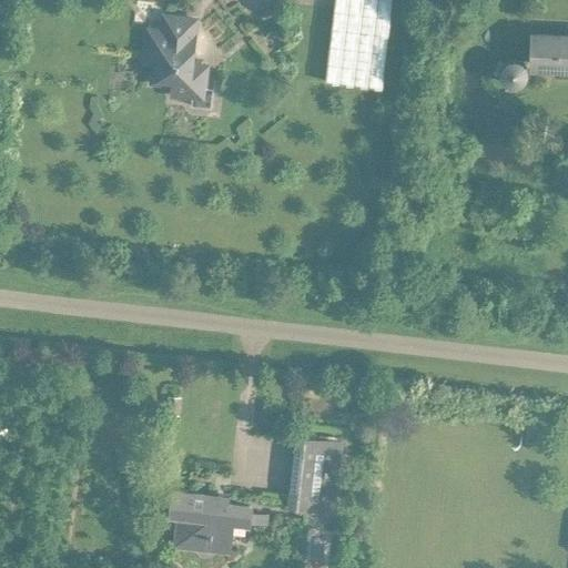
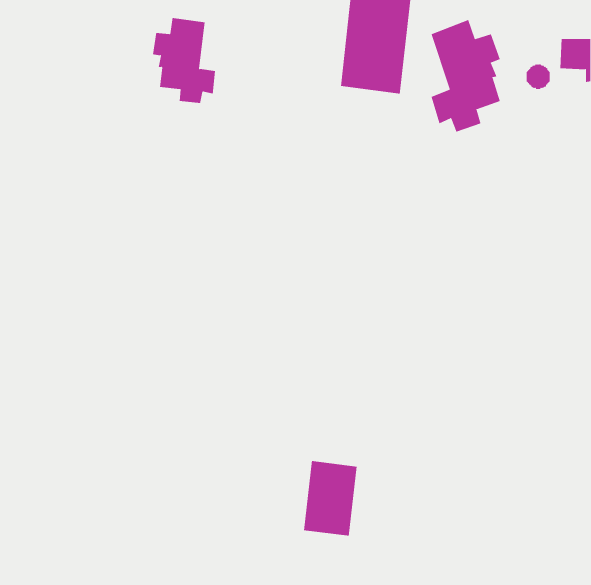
building: none -> [431,19,501,132]
building: [173,493,266,550] -> none

